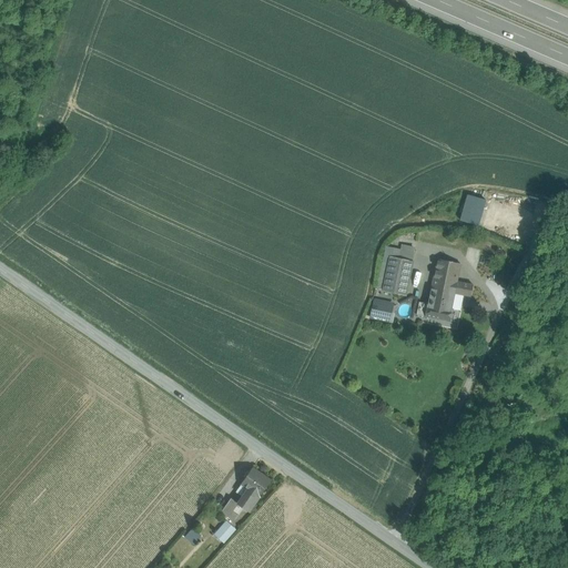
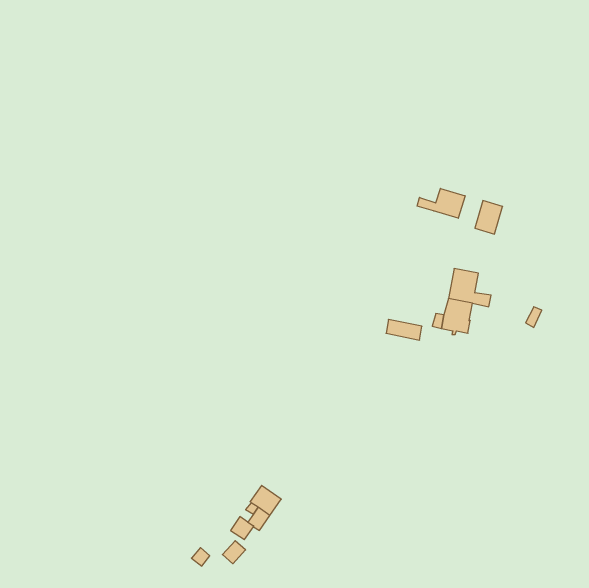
building: none -> [417,188,465,218]
building: [383,256,413,294] -> none

